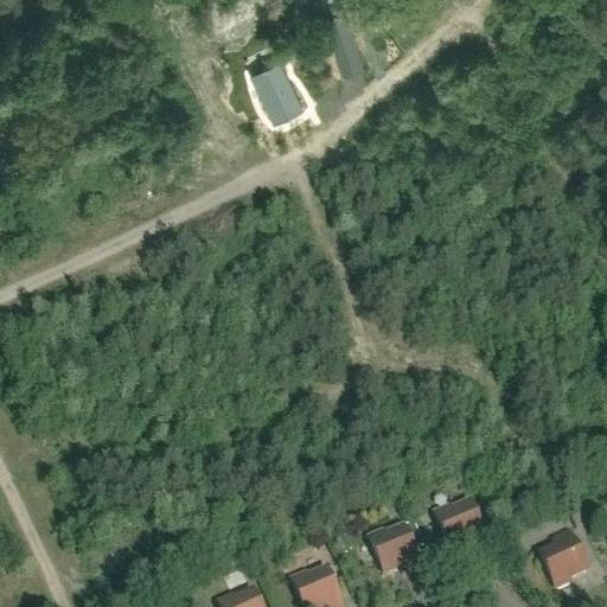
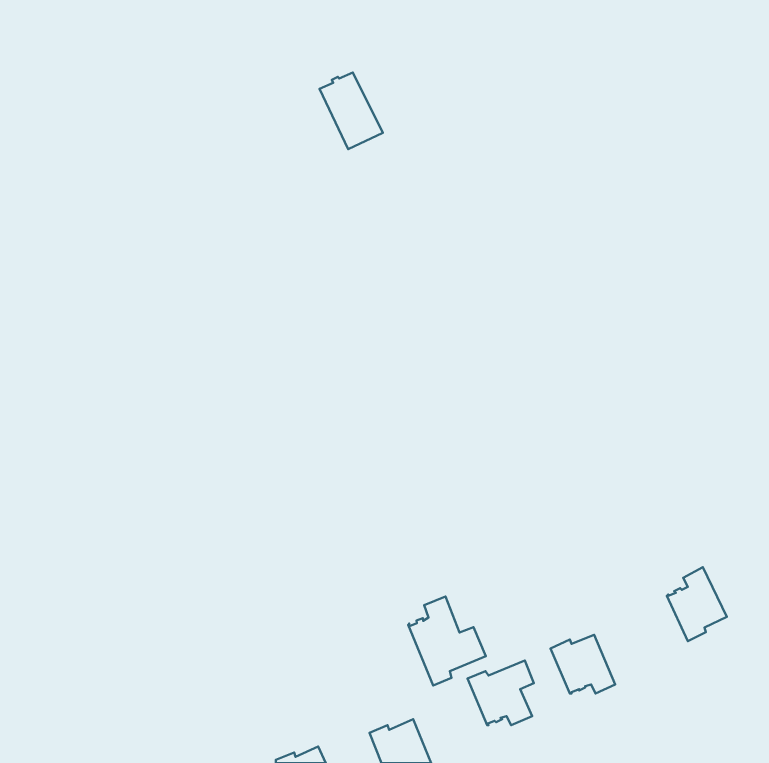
building: none -> [408,597,486,686]
building: [539,528,587,586] -> [667,567,727,641]

